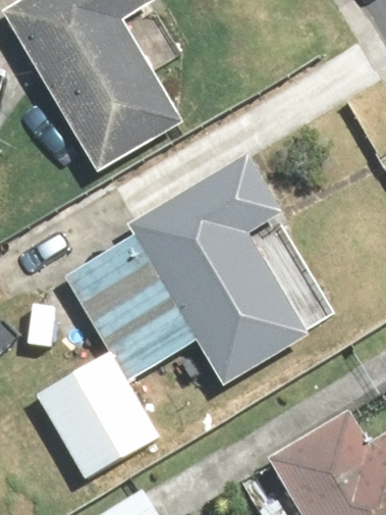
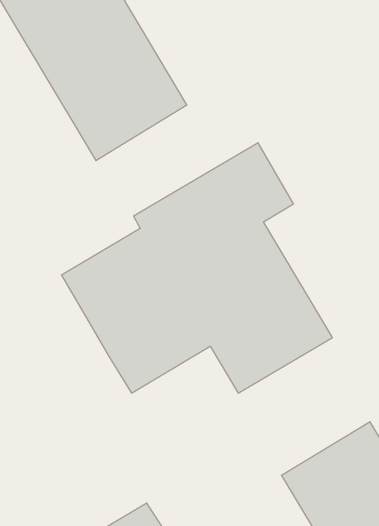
building: [37,353,159,479] -> none

